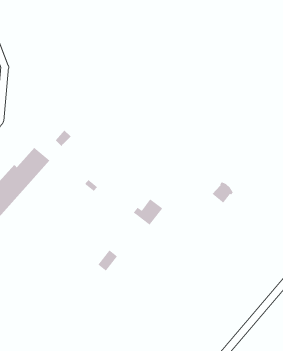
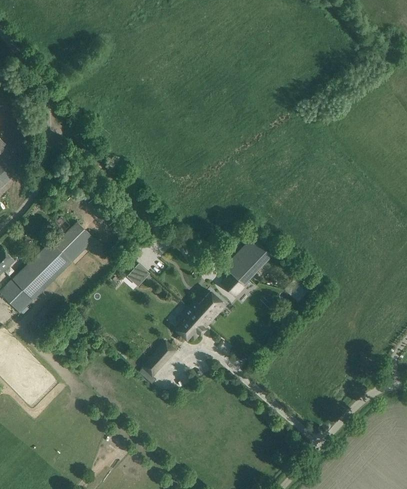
building: none -> [221,237,272,295]
building: none -> [177,307,208,338]

